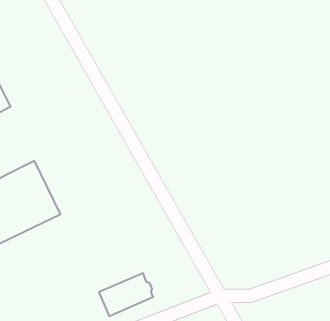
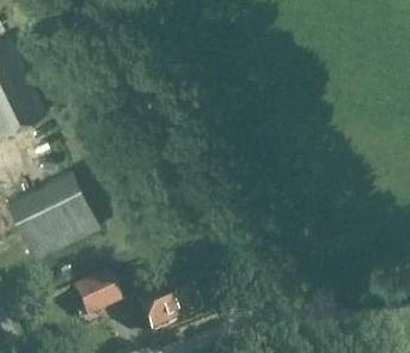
building: none -> [72,274,121,322]

